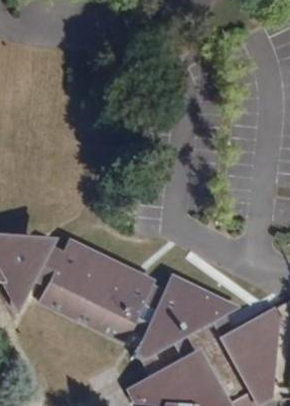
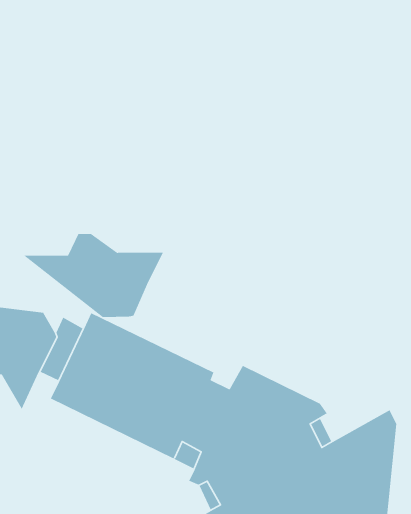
building: none -> [22,233,164,318]

